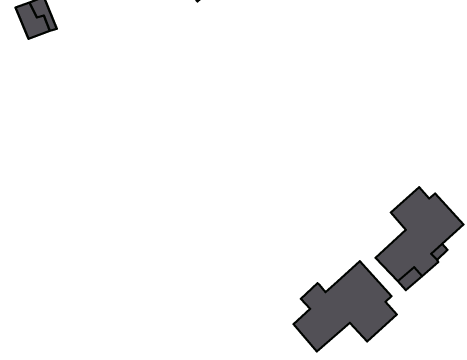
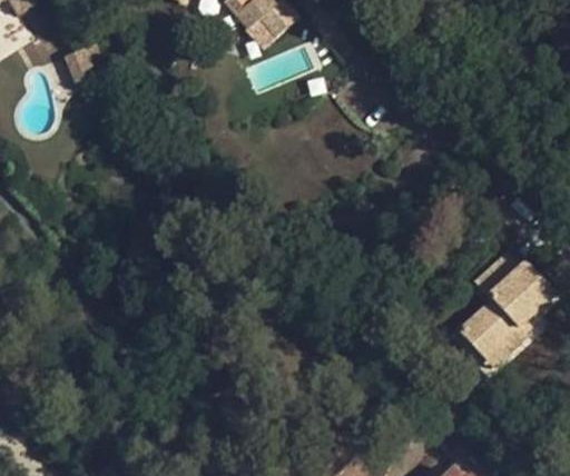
building: [293,261,397,352] -> none

